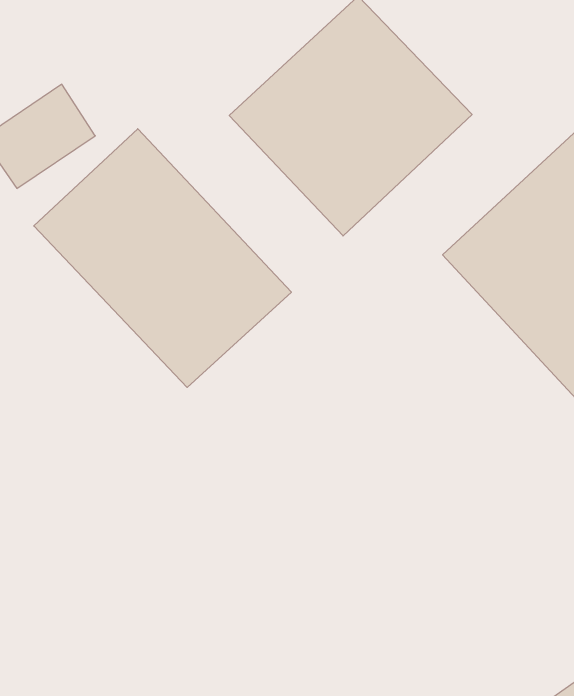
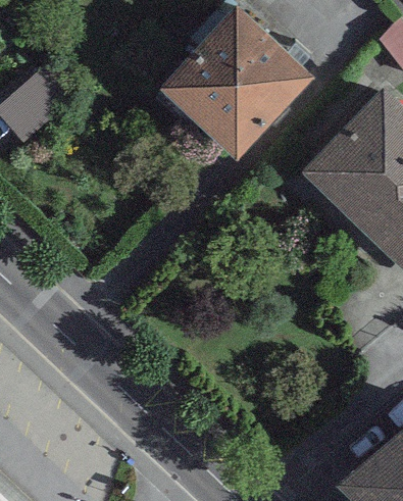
building: [34,129,291,387] -> none

